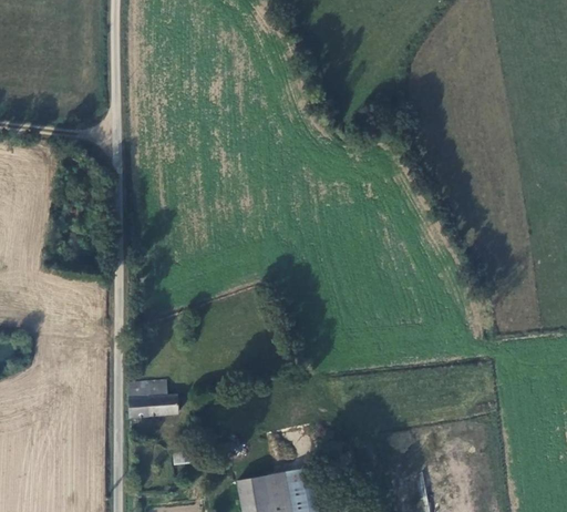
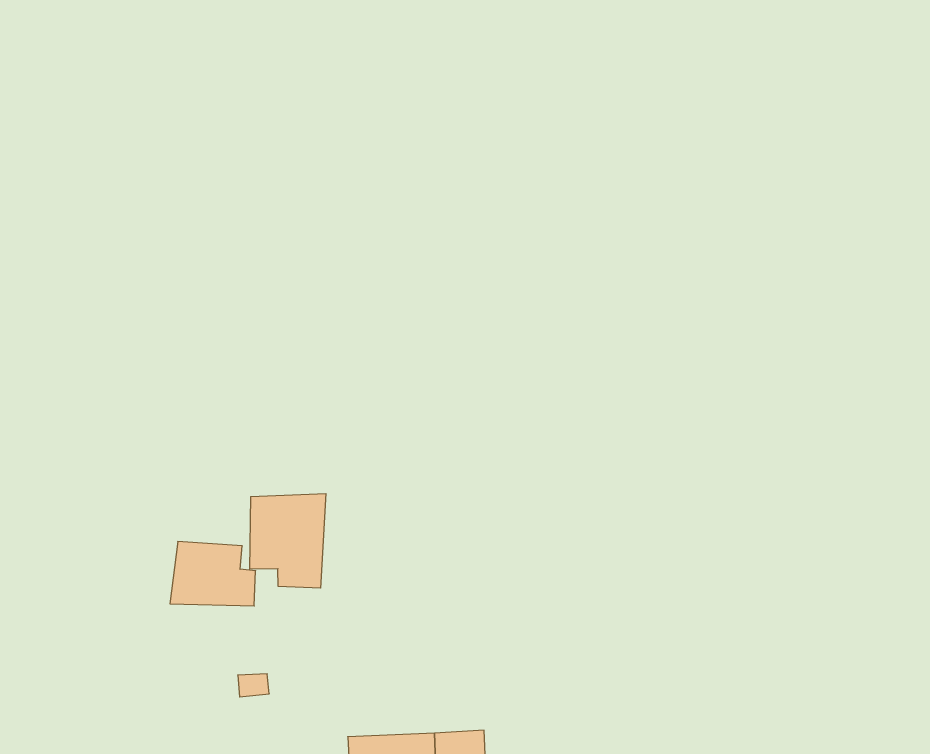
building: none -> [250,494,326,588]

